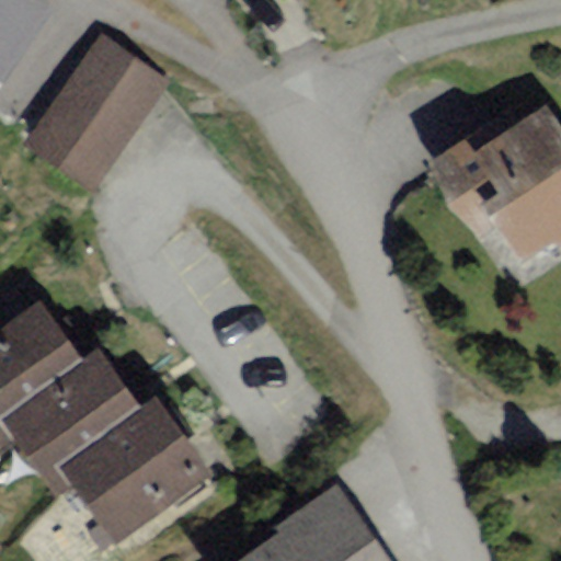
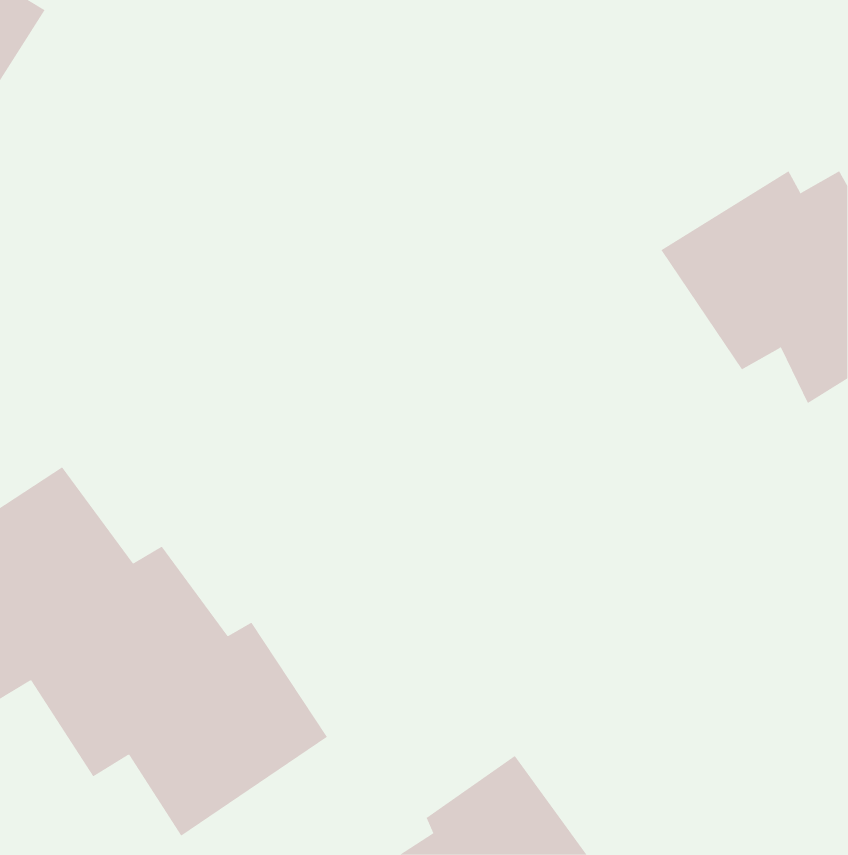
building: [26,38,162,187] -> none

